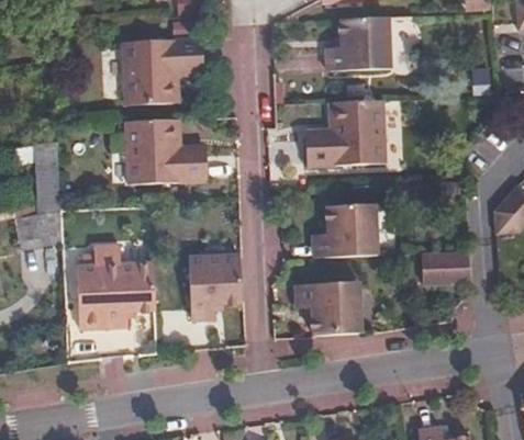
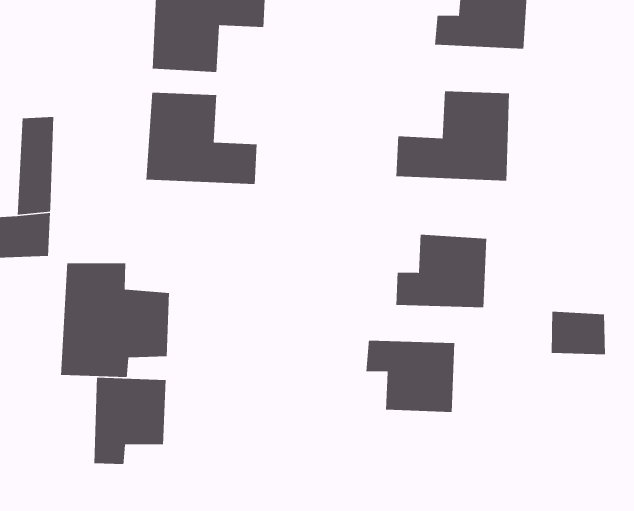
building: [189,255,242,319] -> [93,377,166,465]

